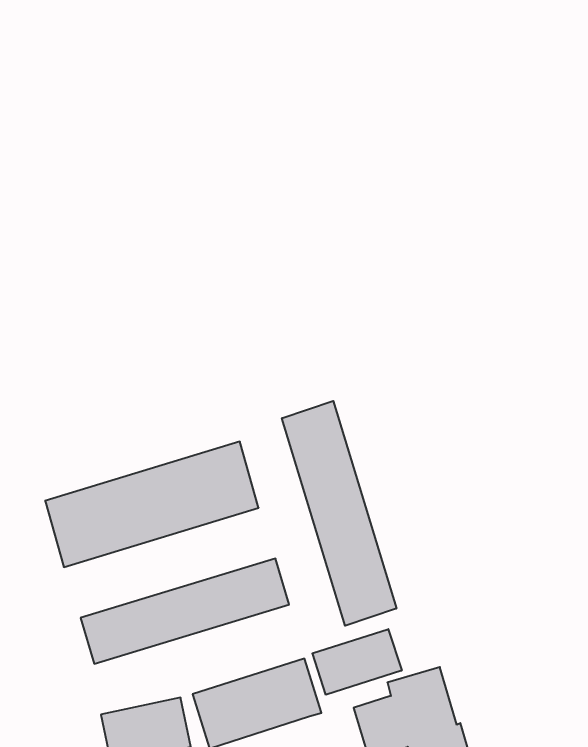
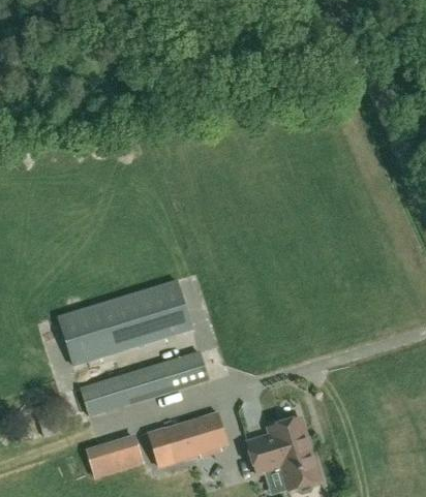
building: [282,401,396,626] -> none
building: [312,629,402,695] -> none

